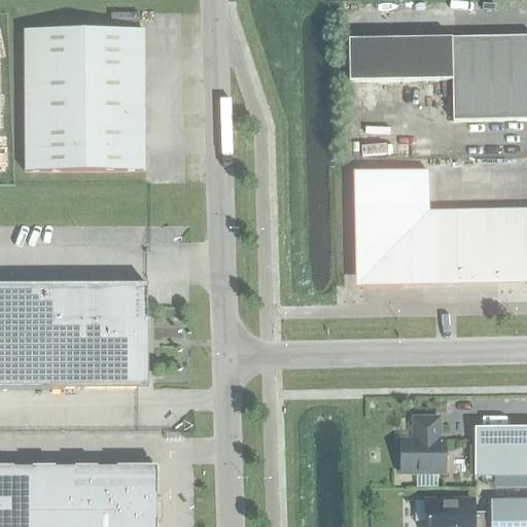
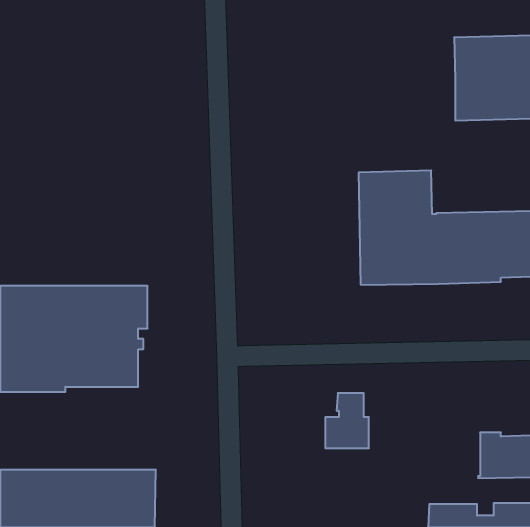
building: [24,27,144,168] -> none
building: [348,37,452,80] -> none
building: [401,415,445,469] -> [325,393,369,448]

